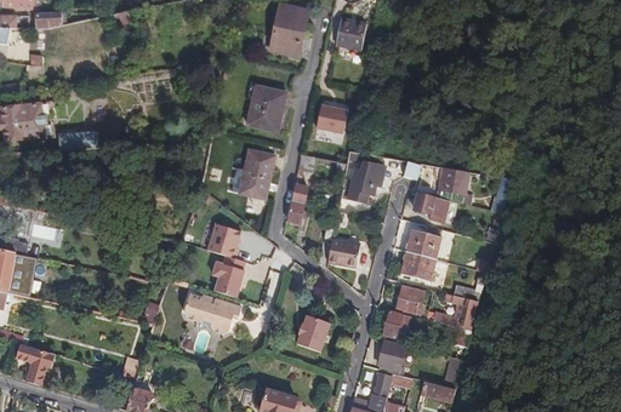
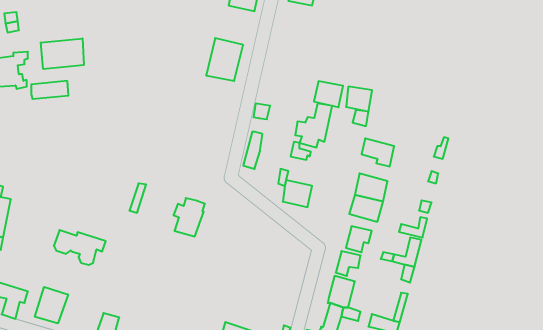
building: none -> [41,38,84,69]
building: [317,105,348,133] -> [314,81,343,107]
building: [229,148,274,198] -> none
building: [443,167,471,194] -> [346,87,372,111]
building: [207,224,240,258] -> none
building: [184,296,240,333] -> [54,230,106,265]
building: [296,316,330,353] -> none
building: none -> [35,287,68,323]

